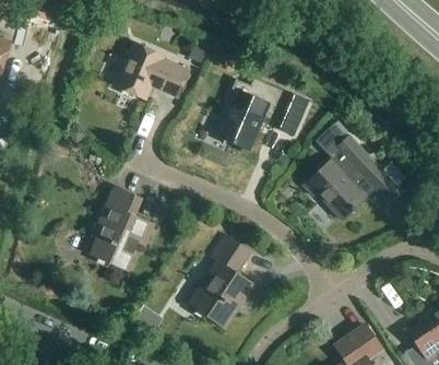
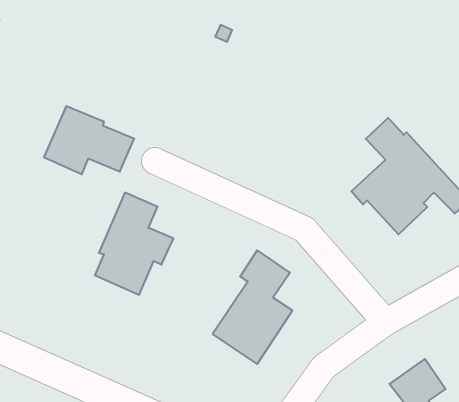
building: [115,43,190,99] -> [44,106,134,174]
building: [216,78,308,151] -> none

